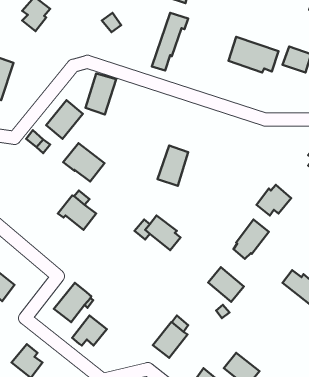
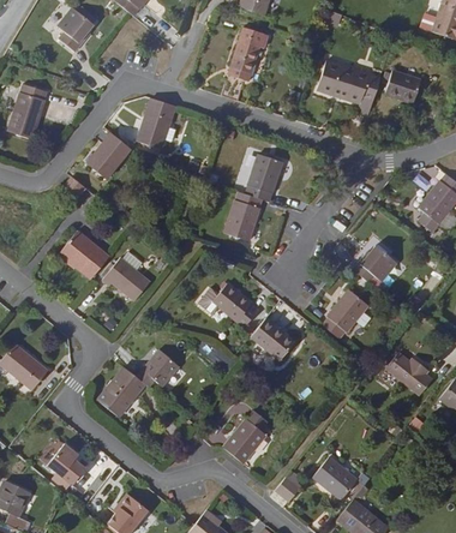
building: none -> [250,157,288,204]
building: [63,143,104,181] -> [60,229,112,277]
building: [208,267,244,302] -> [251,316,295,359]
building: [72,316,107,345] -> [138,348,181,385]

